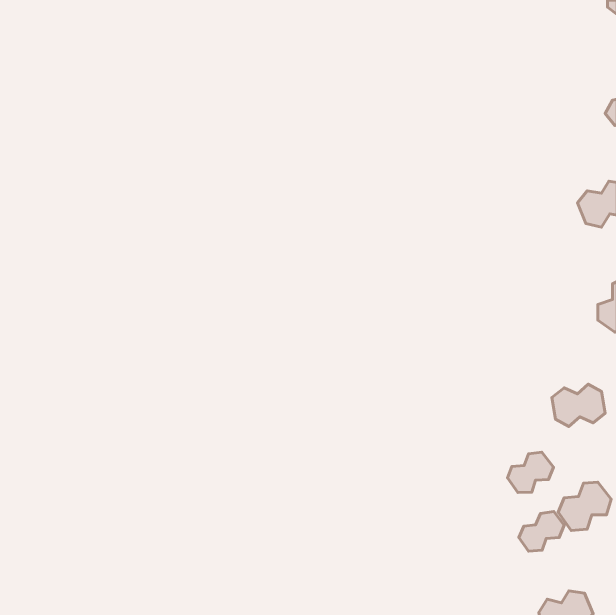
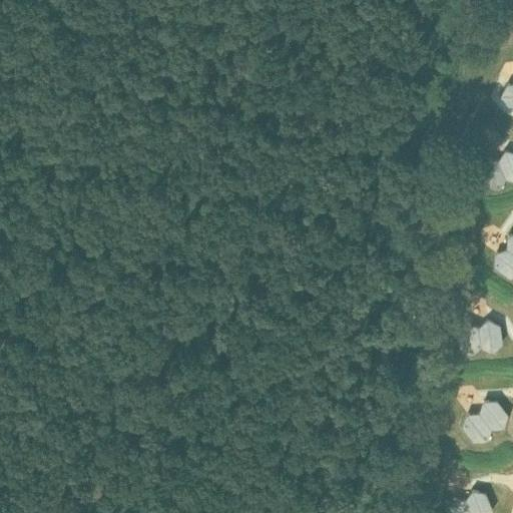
building: [507,452,553,492] -> none
building: [519,512,564,551] -> none

